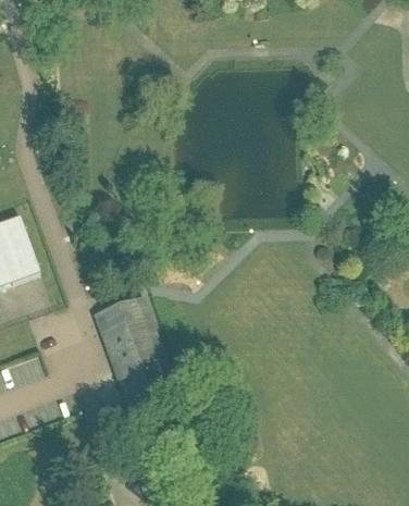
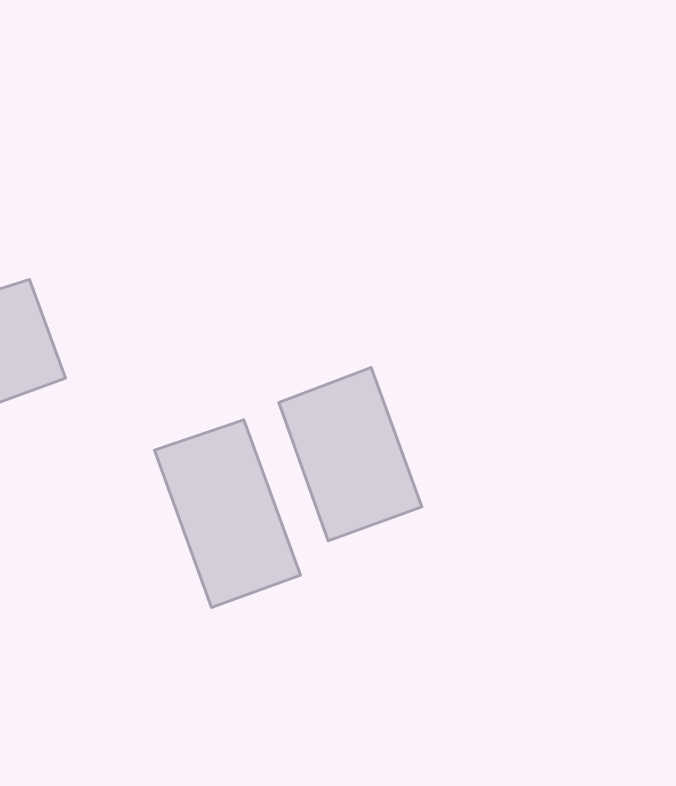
building: none -> [279,367,422,541]

